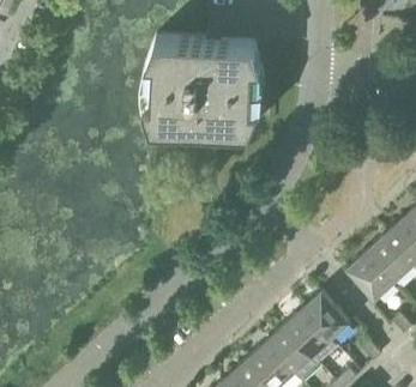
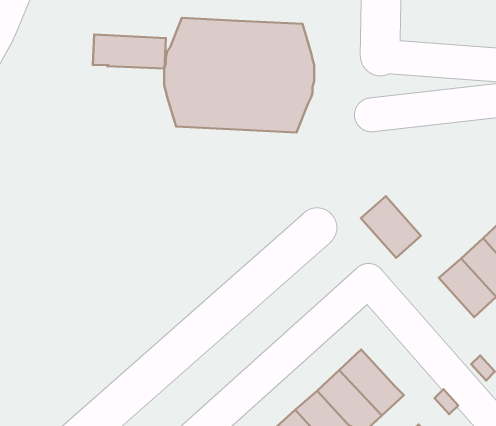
building: none -> [93,35,166,69]
building: [346,249,396,300] -> [361,196,421,258]
building: [303,291,350,338] -> none

